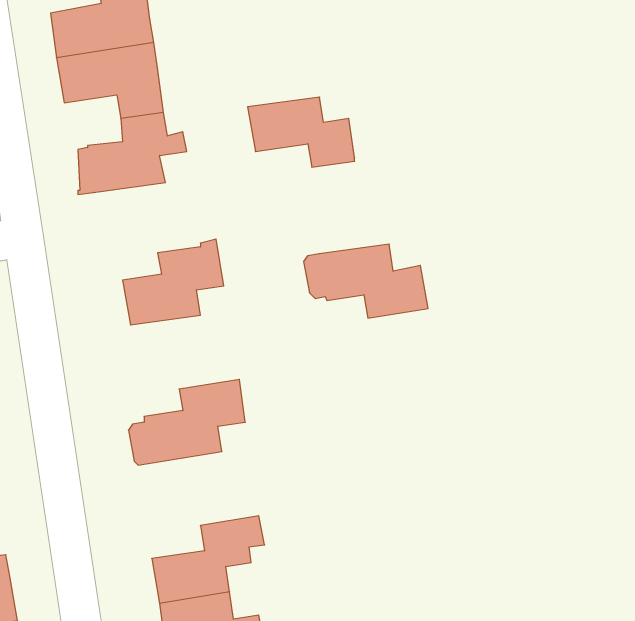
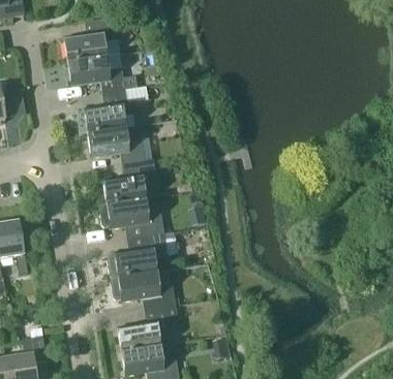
building: [248,97,355,167] -> [88,128,145,165]
building: [304,244,428,318] -> [99,198,165,238]
building: none -> [111,271,176,310]

